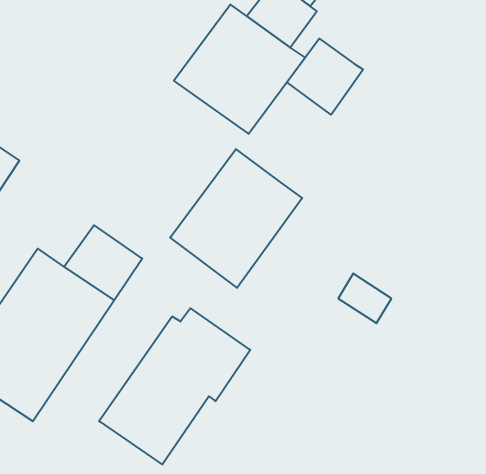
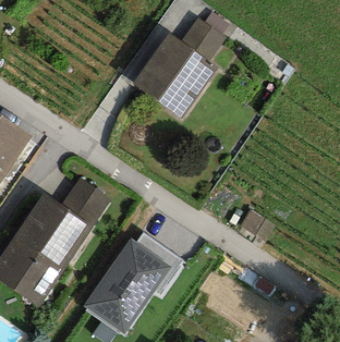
building: [287,39,363,115] -> none
building: [170,149,302,288] -> none

